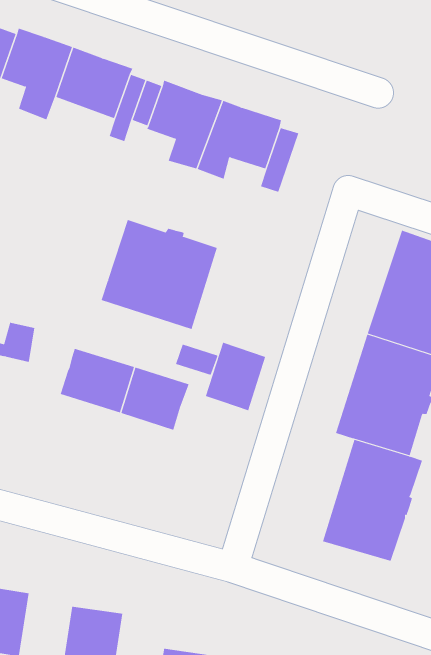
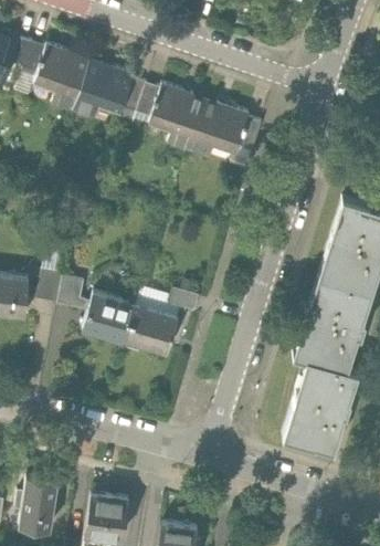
building: [101,219,217,330] -> none
building: none -> [59,275,91,306]
building: [205,342,266,411] -> none

